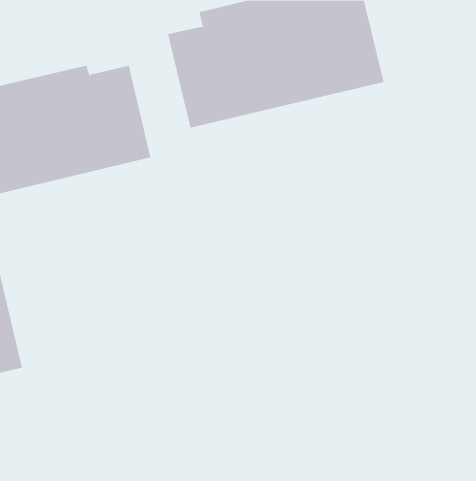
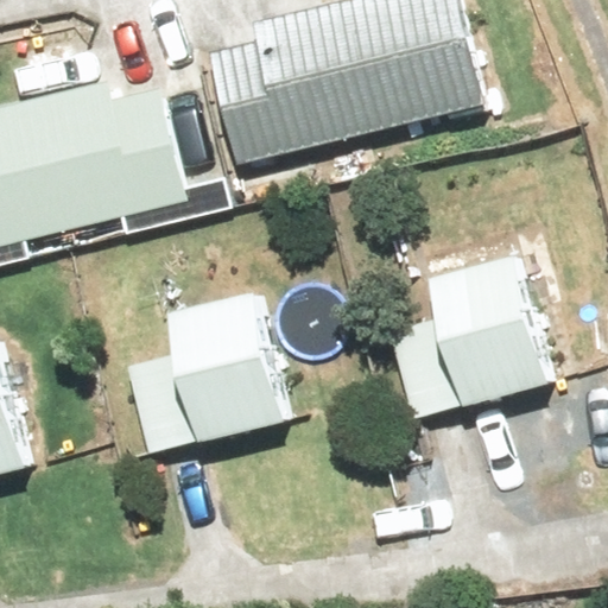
building: none -> [390,253,555,418]
building: none -> [126,287,290,450]

